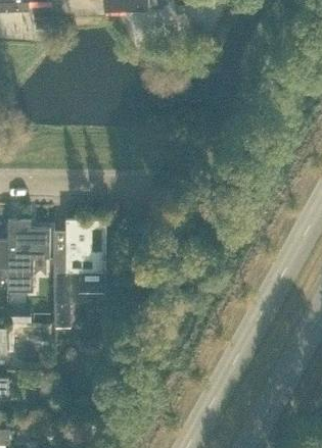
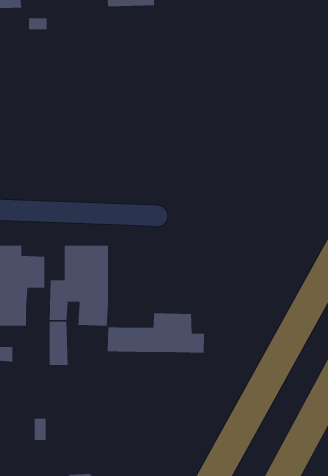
building: none -> [107,312,205,354]

